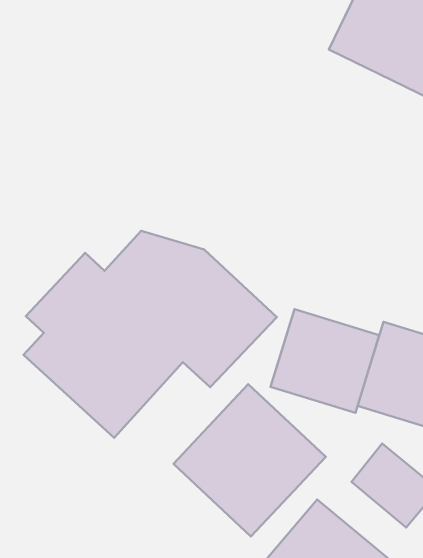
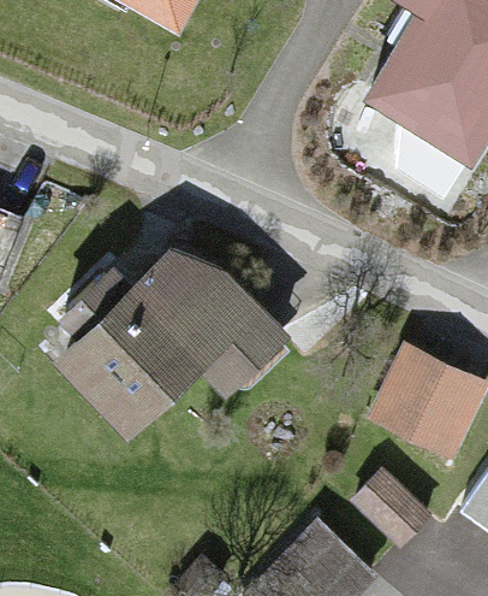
building: [271,309,379,413] -> none
building: [173,384,326,536] -> none

